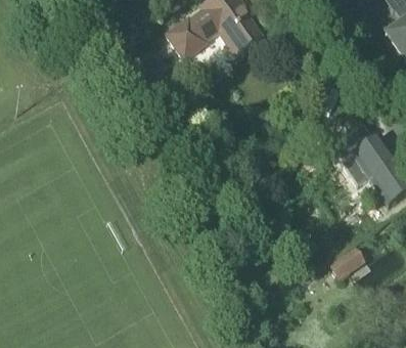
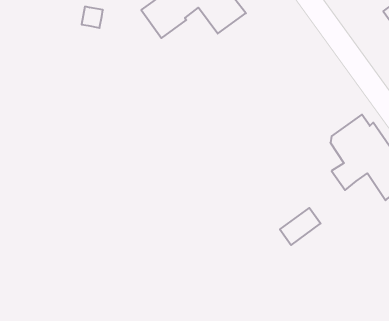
building: [328,244,365,277] -> [280,208,321,245]

